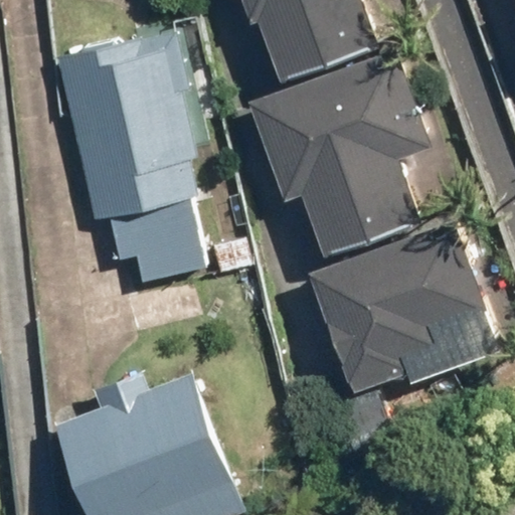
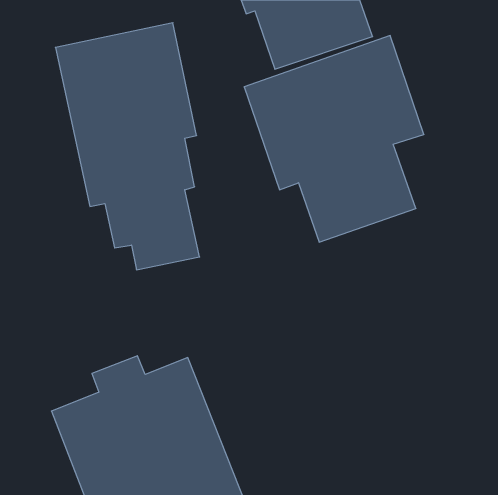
building: [308,217,487,394] -> none

